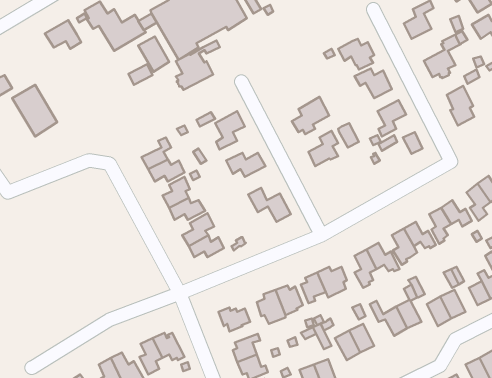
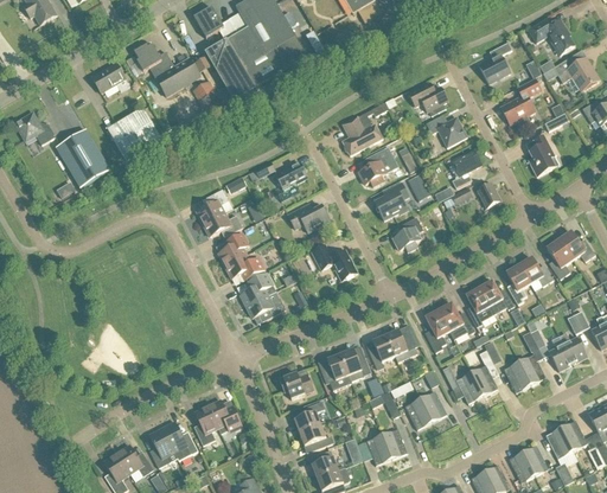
building: [176,40,220,90] -> [341,101,389,154]
building: none -> [107,107,160,159]
building: none -> [392,216,423,252]

